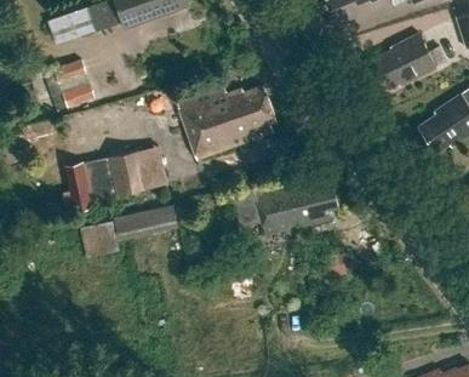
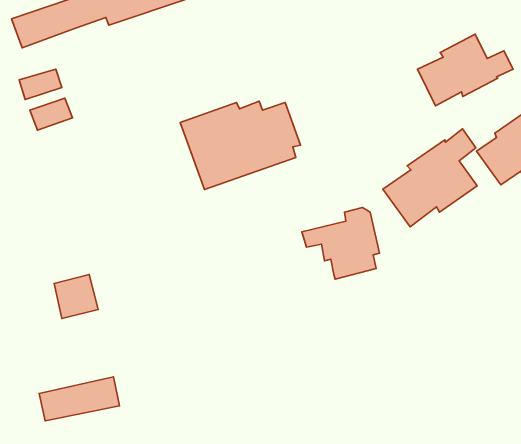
building: none -> [383,129,477,227]
building: [81,145,166,200] -> none
building: [230,189,303,236] -> none
building: [113,205,177,240] -> [39,377,120,421]

